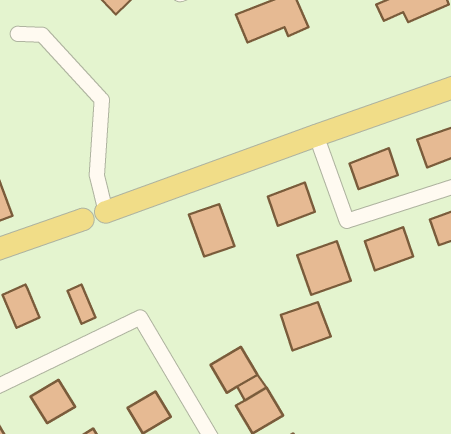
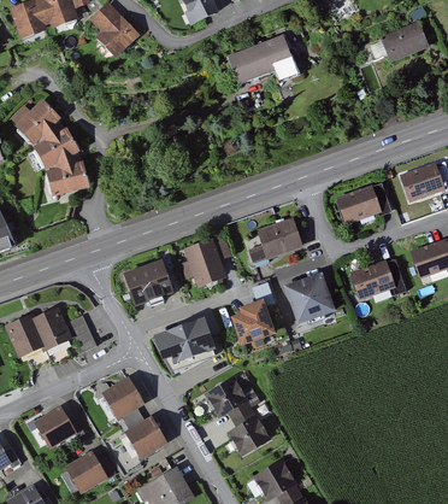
building: none -> [11,99,89,195]
building: none -> [123,257,173,304]
building: none -> [31,307,67,345]
building: none -> [155,320,214,370]
building: [281,302,331,350] -> [229,299,276,345]
building: none -> [101,375,143,416]

